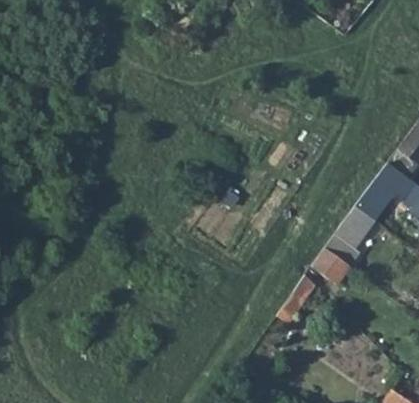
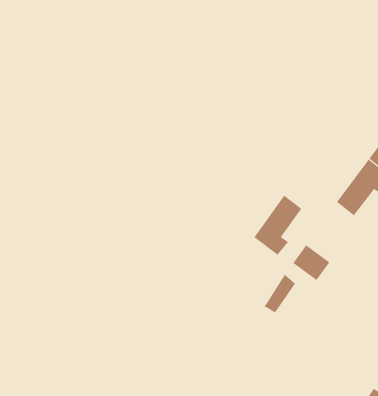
building: [325,205,373,265] -> [254,195,302,255]

